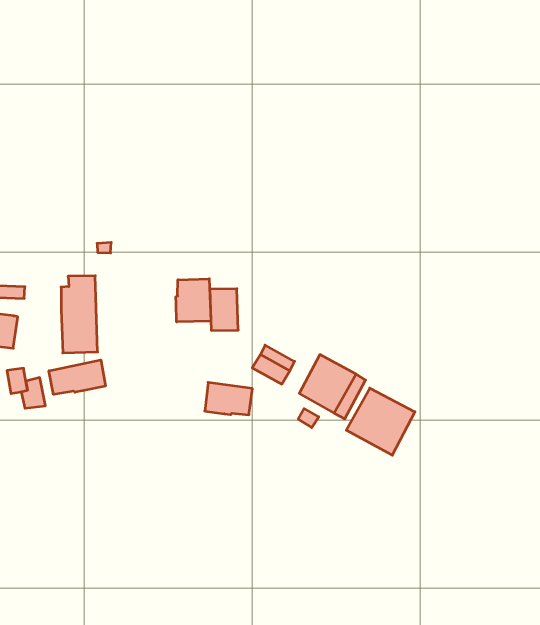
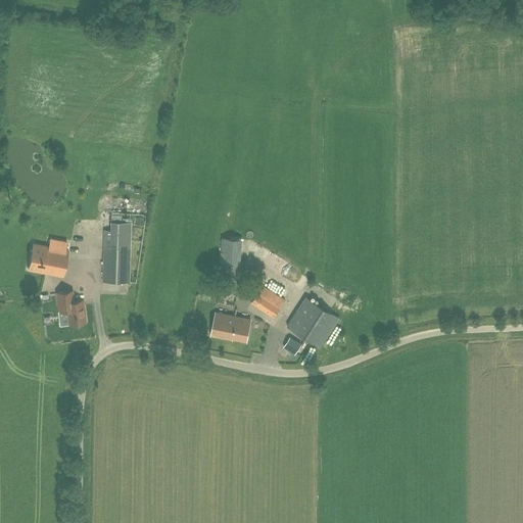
building: [176,279,211,322] -> none
building: [49,360,105,394] -> none
building: [346,388,415,455] -> none

